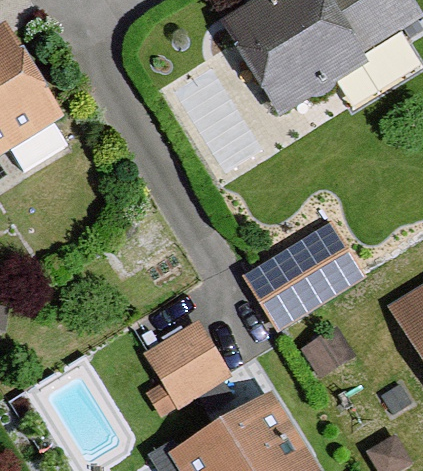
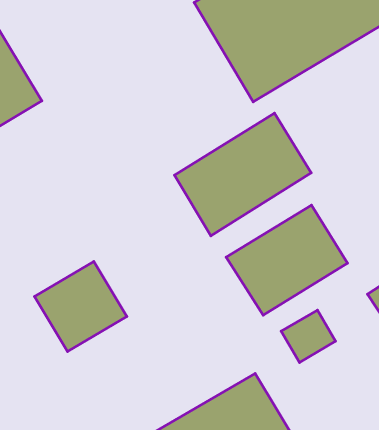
building: none -> [175,113,311,236]
building: [141,317,233,407] -> [35,261,127,352]

